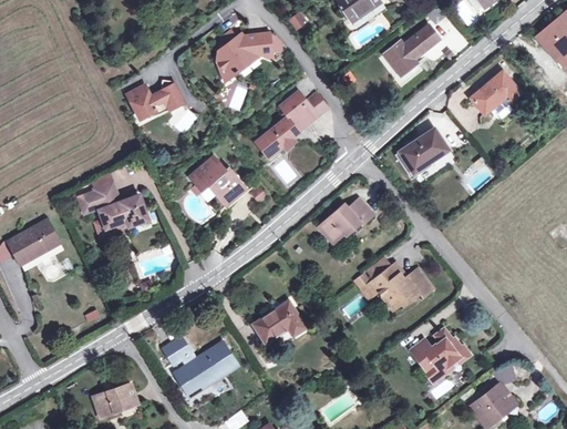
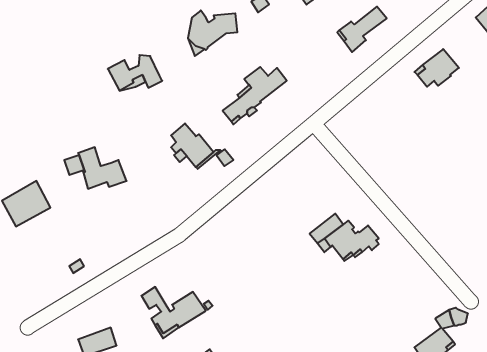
building: [399,127,446,171] -> none
building: [319,198,372,242] -> none
building: [252,300,306,344] -> none
building: [410,329,468,377] -> none

